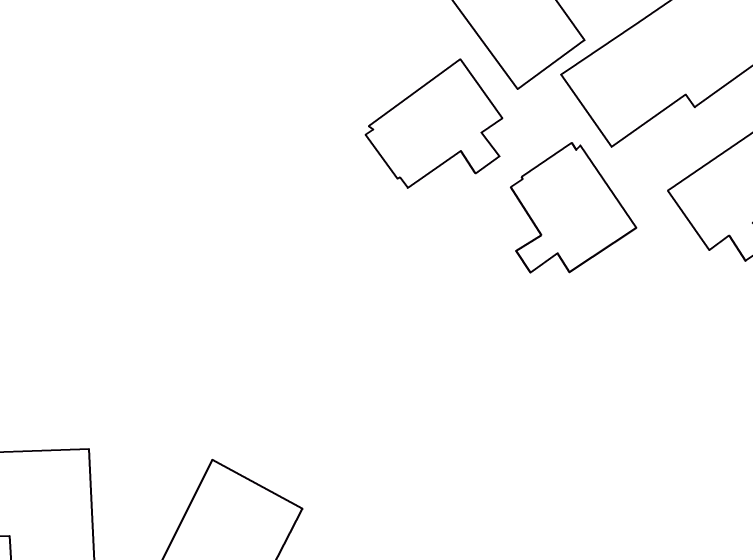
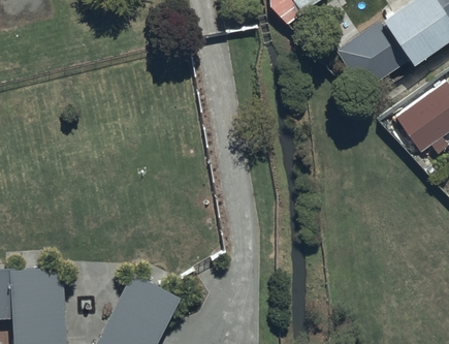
building: [366,59,502,188] -> none
building: [511,143,636,273] -> none

